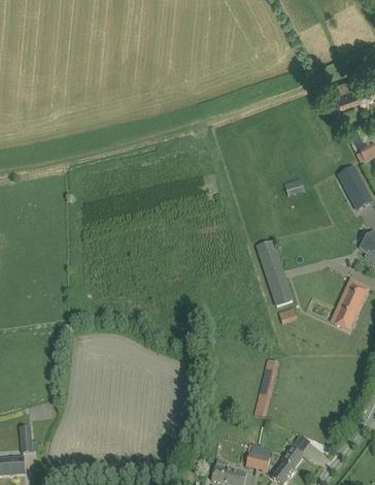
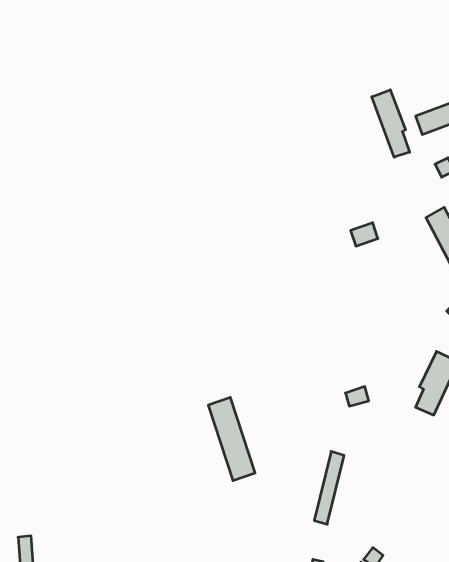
building: none -> [372,90,410,157]
building: [255,240,293,306] -> [208,397,255,481]

